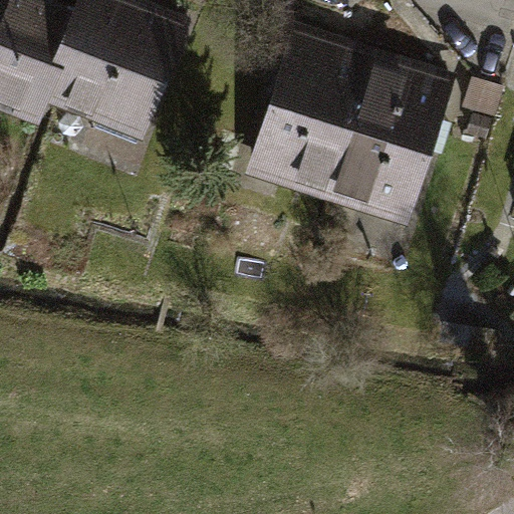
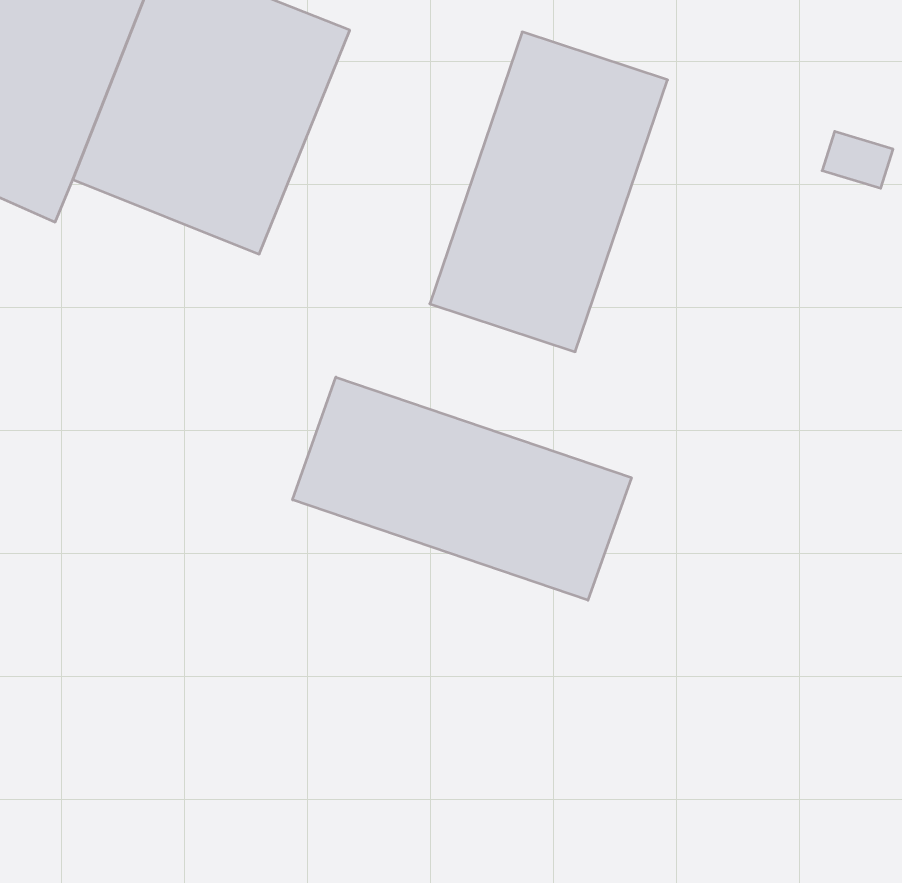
building: [325,45,457,226] -> none
building: none -> [293,377,631,600]

